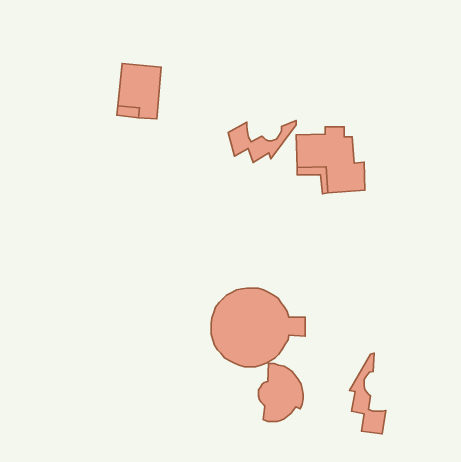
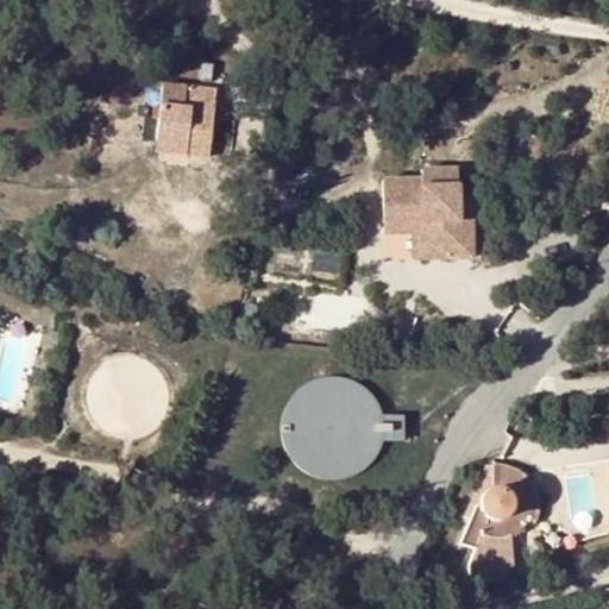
building: [228,120,296,162] -> none
building: [259,363,303,421] -> [481,464,539,540]

